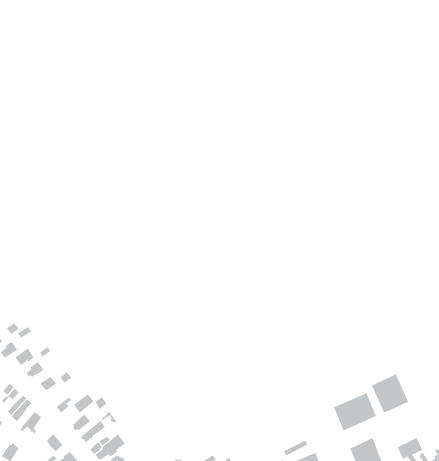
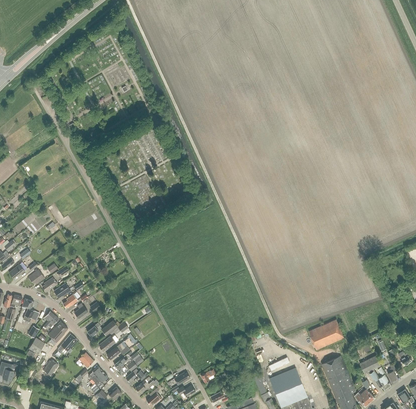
building: [371,374,409,414] -> none

